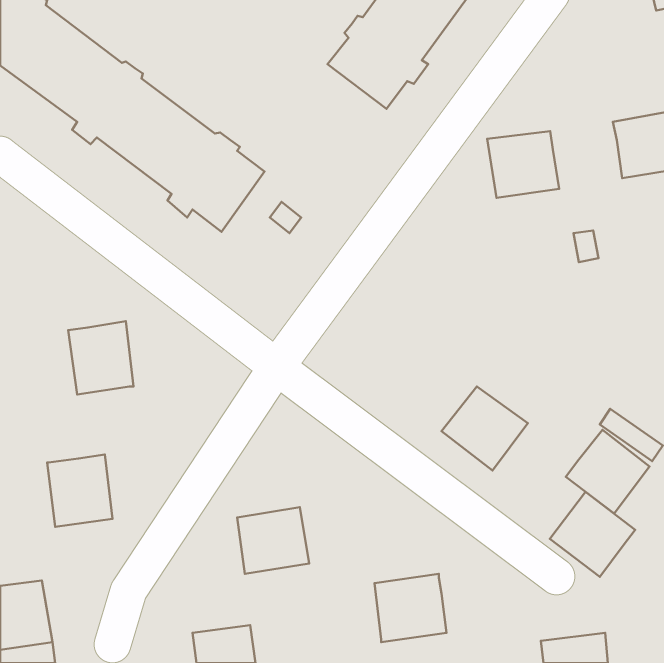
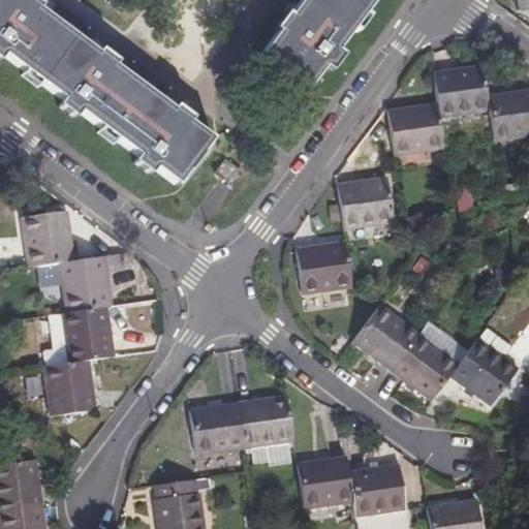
building: none -> [434,66,491,118]
building: none -> [338,178,394,230]
building: none -> [21,209,73,264]
building: none -> [294,242,352,294]
building: none -> [60,305,113,362]
building: [550,492,635,577] -> [393,334,460,401]
building: none -> [241,393,295,444]
building: none -> [352,461,408,515]

